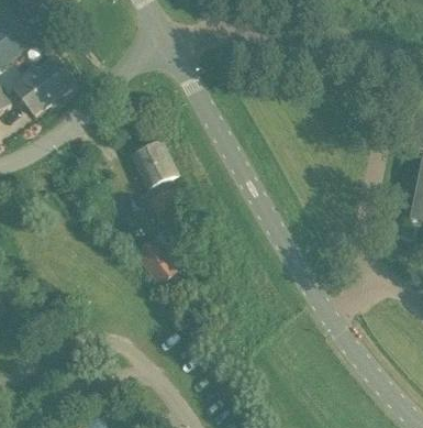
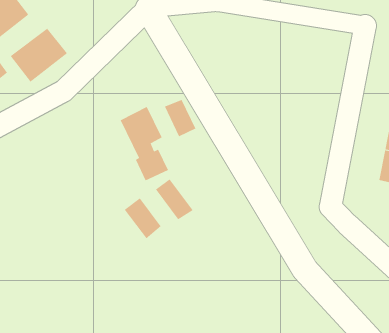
building: none -> [164,99,196,137]
building: none -> [155,178,194,220]

